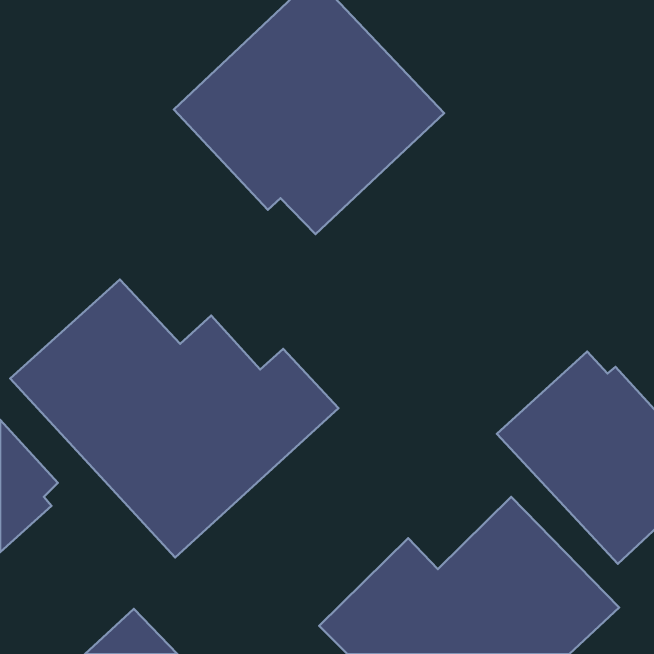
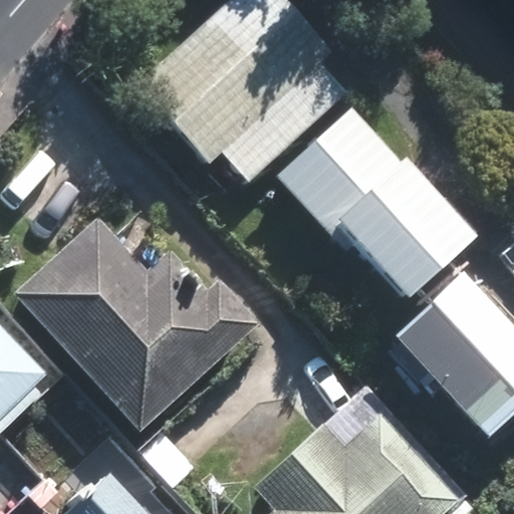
building: none -> [278,106,476,302]

